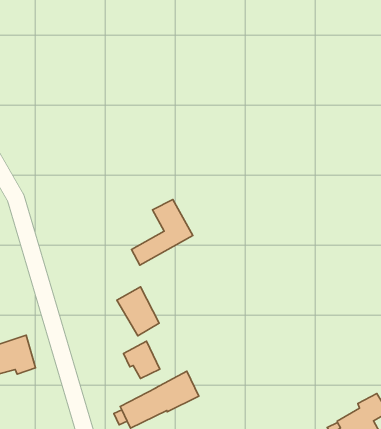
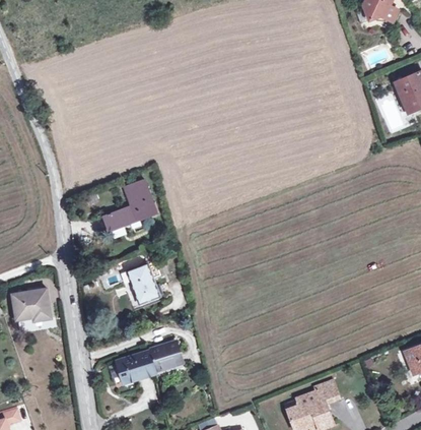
building: [132,200,193,265] -> [103,180,156,231]
building: [123,341,160,379] -> none

